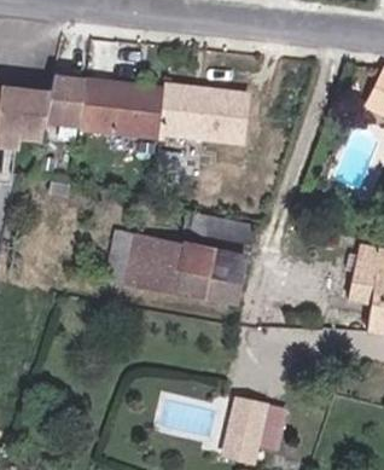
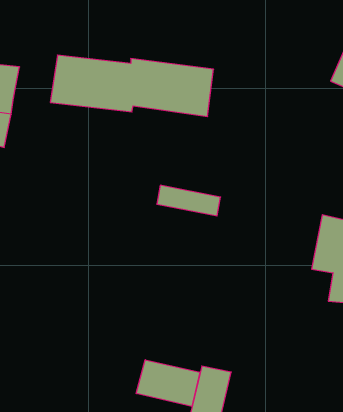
building: [43,75,85,126] -> none
building: [104,227,244,304] -> none
building: none -> [136,360,200,407]

